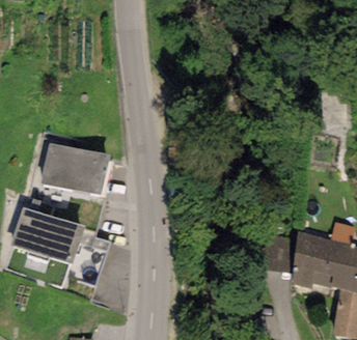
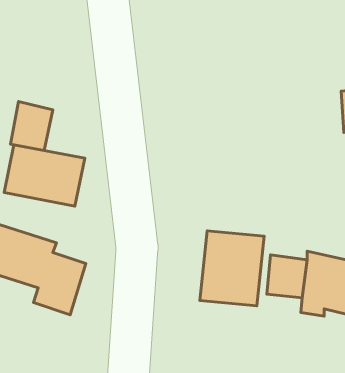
building: none -> [10,102,53,151]
building: none -> [200,231,264,306]

